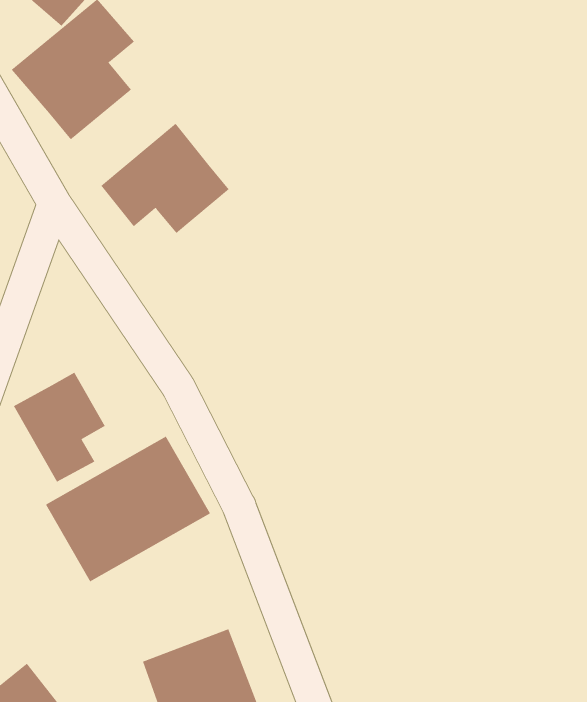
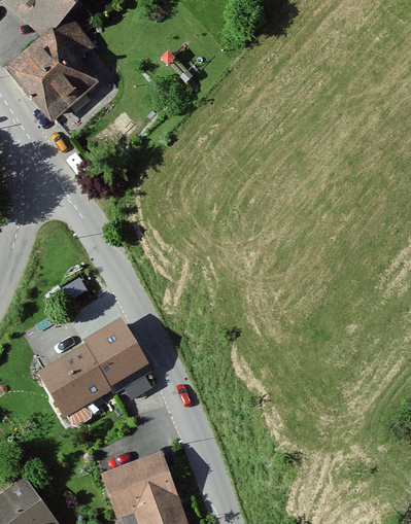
building: [100,123,230,234] -> none
building: [13,372,106,483] -> none

